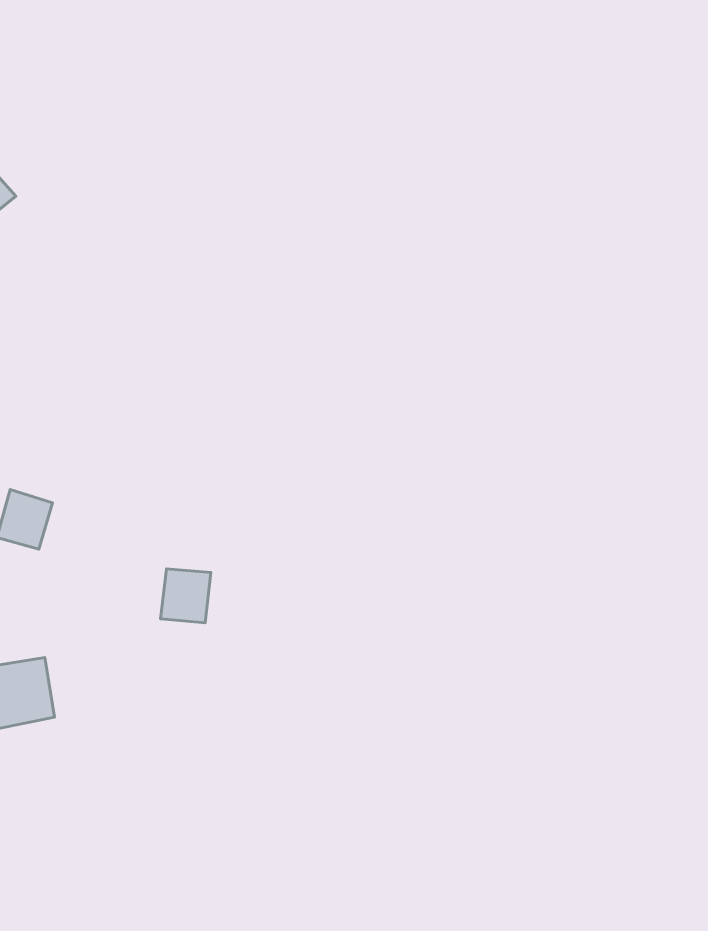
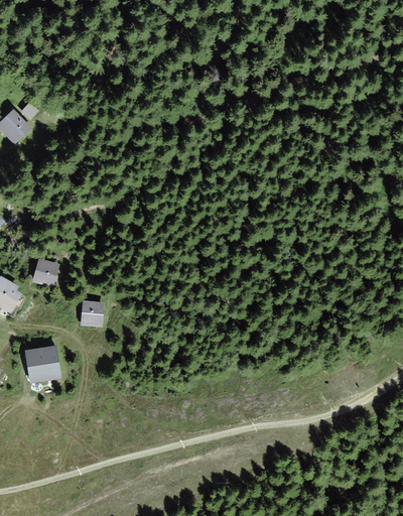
building: [161,569,211,623] -> [79,299,105,328]

